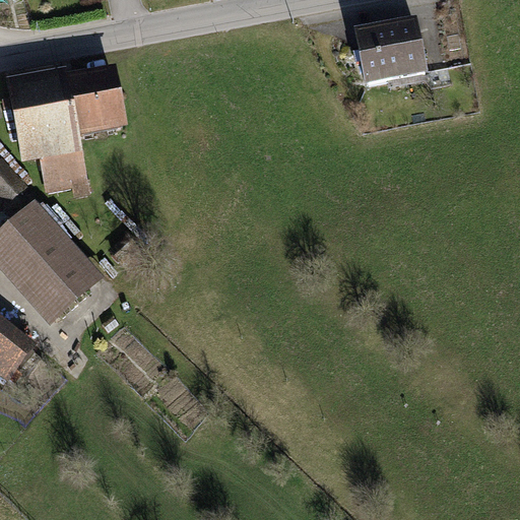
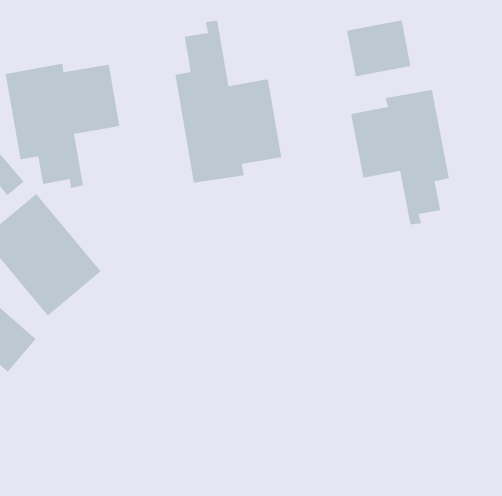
building: none -> [175,20,282,184]
building: none -> [351,89,450,225]

